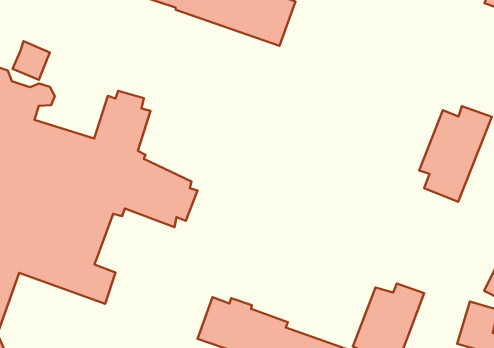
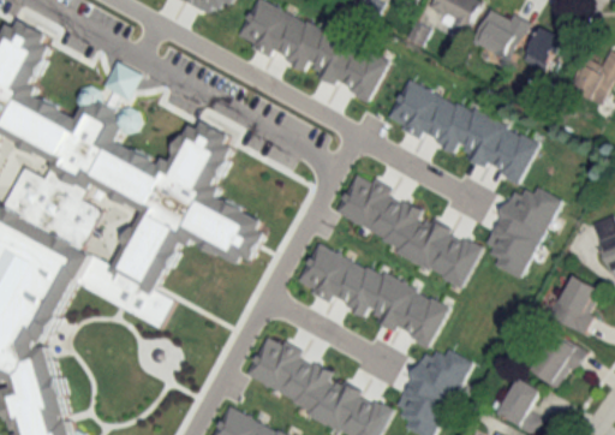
building: none -> [388,81,538,186]
building: none -> [335,172,480,281]
building: none -> [300,248,448,351]

